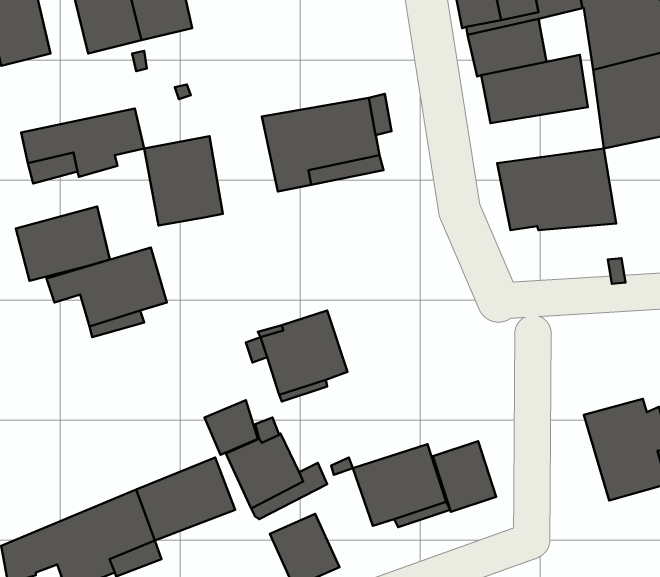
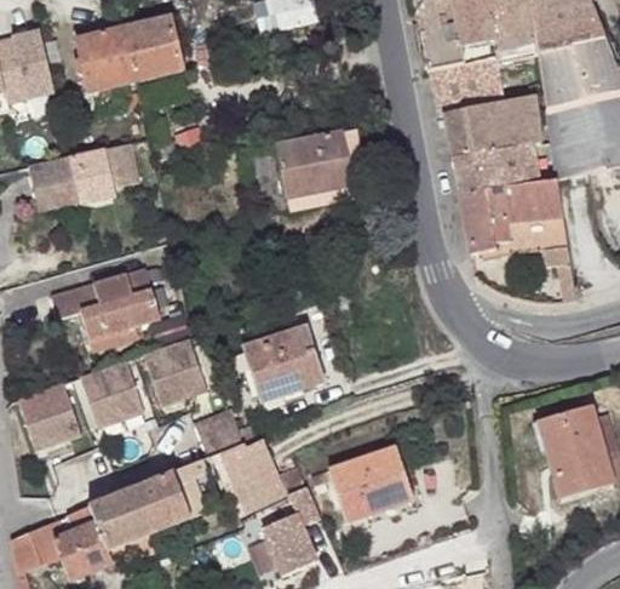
building: none -> [453,141,547,191]
building: [144,136,223,226] -> none
building: [16,207,110,281] -> none
building: none -> [143,337,207,405]
building: none -> [80,359,144,428]
building: none -> [17,382,81,448]
building: [433,441,496,512] -> none

